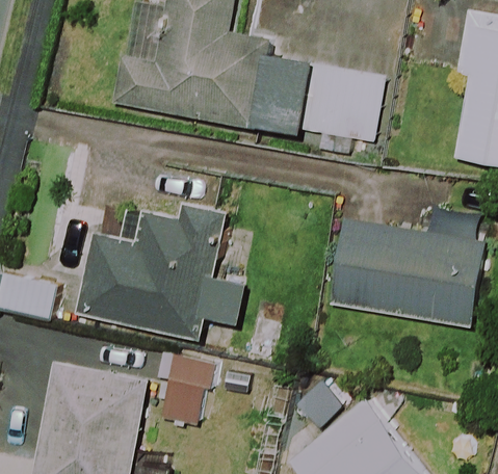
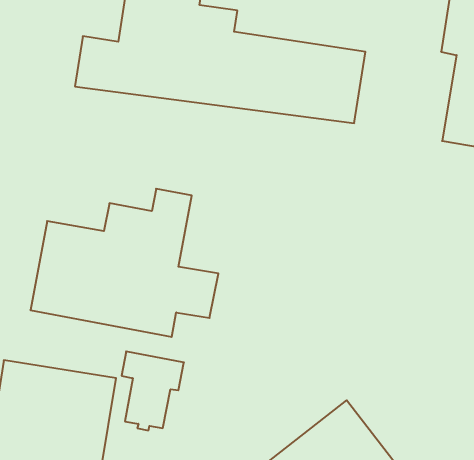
building: [327,220,482,326] -> none

